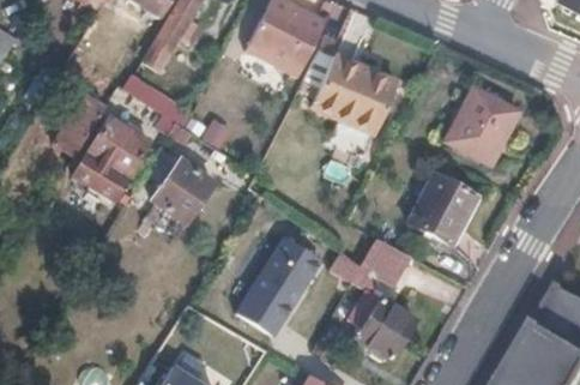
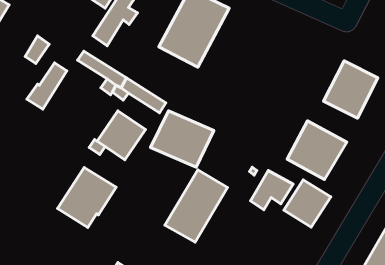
building: [310,56,395,132] -> [151,111,214,167]
building: [70,115,149,195] -> [57,168,116,227]
building: [356,295,419,359] -> [284,180,331,227]

